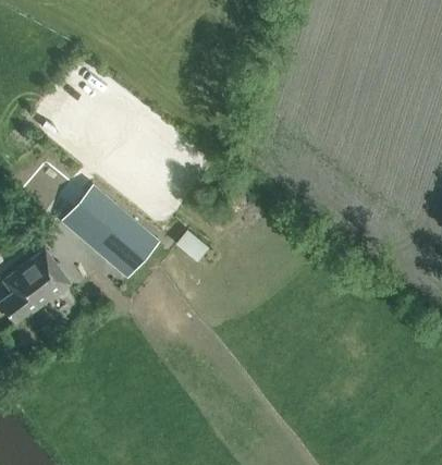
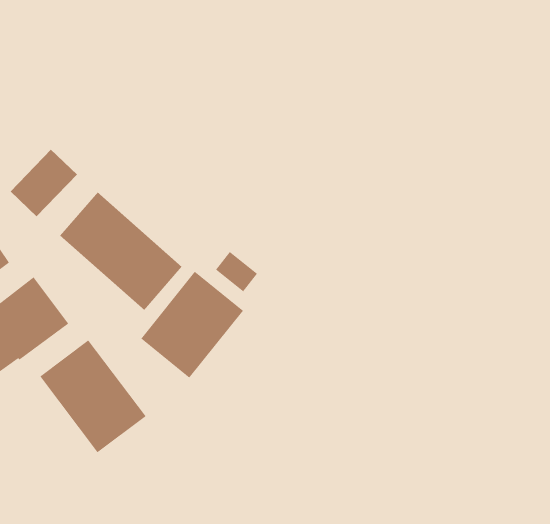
building: none -> [140,271,244,378]
building: none -> [39,340,146,453]

